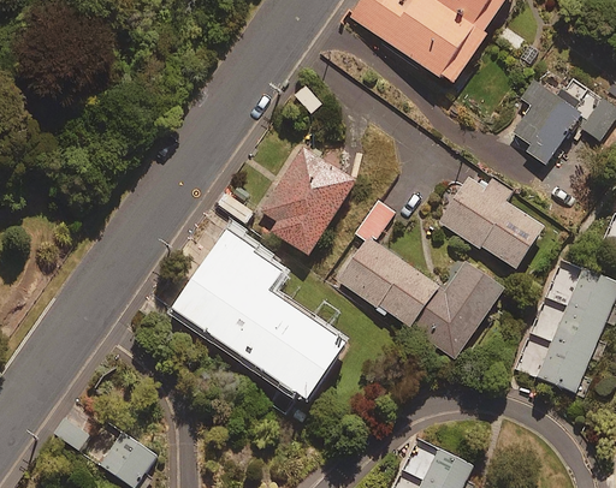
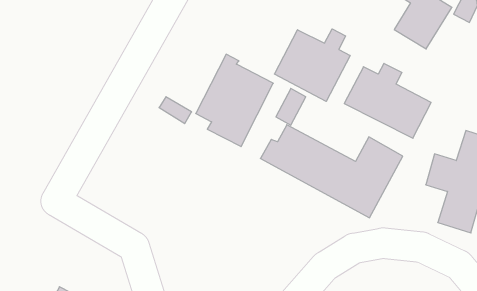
building: none -> [274,29,350,101]
building: [170,232,348,409] -> none

